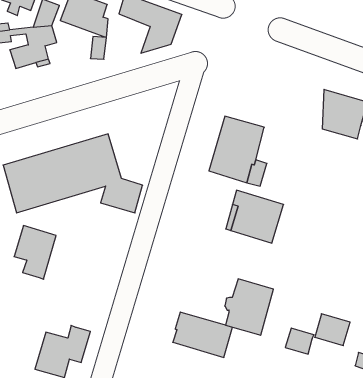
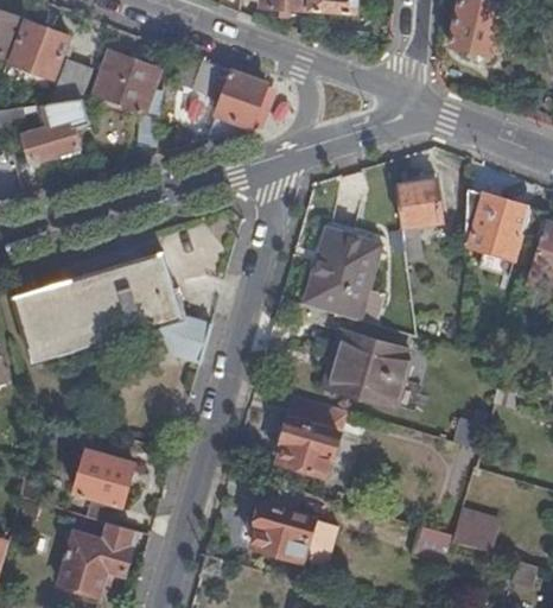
building: none -> [395,180,441,226]
building: [14,226,56,279] -> [74,449,133,525]
building: [225,279,273,335] -> [275,395,344,475]

